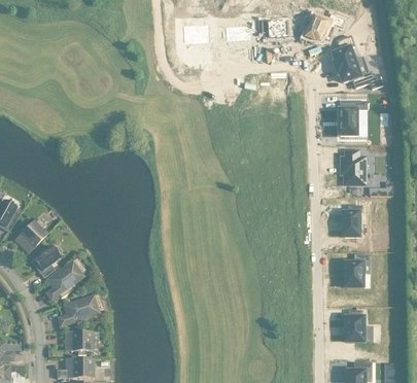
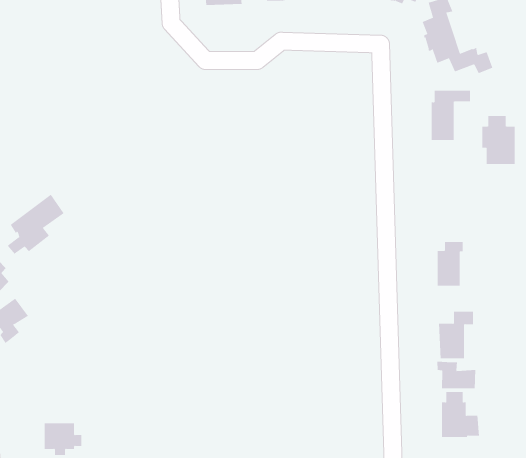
building: [341,150,364,184] -> [481,116,516,165]
building: [45,257,85,300] -> [7,194,65,255]
building: none -> [437,361,476,389]
building: [58,293,102,325] -> none

